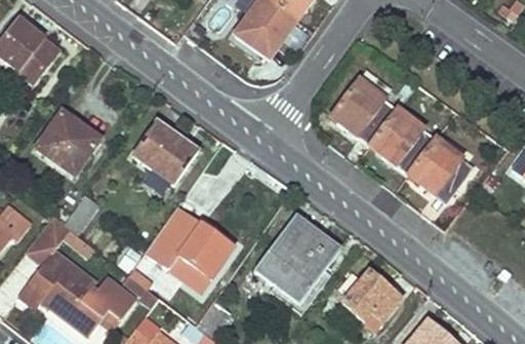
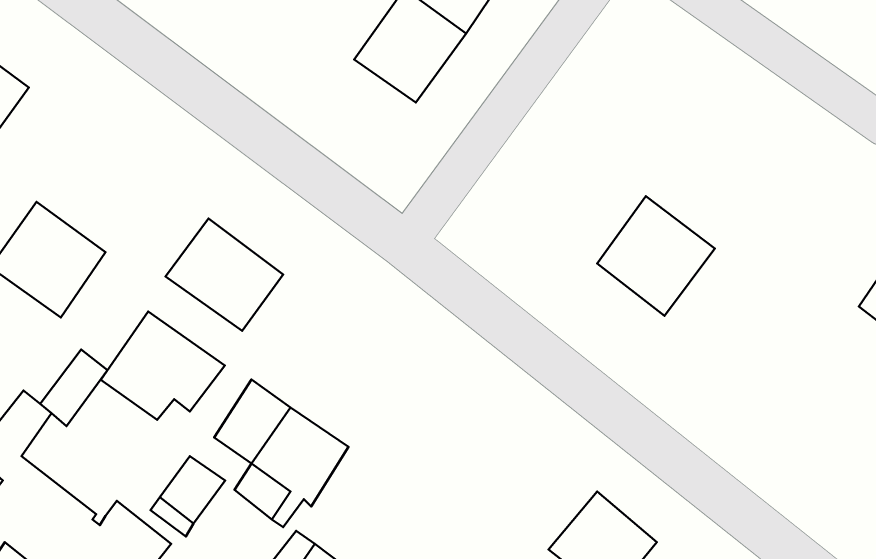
building: [329,68,395,146] -> none
building: [405,138,474,204] -> none
building: none -> [101,312,225,420]
building: [255,218,339,303] -> none

